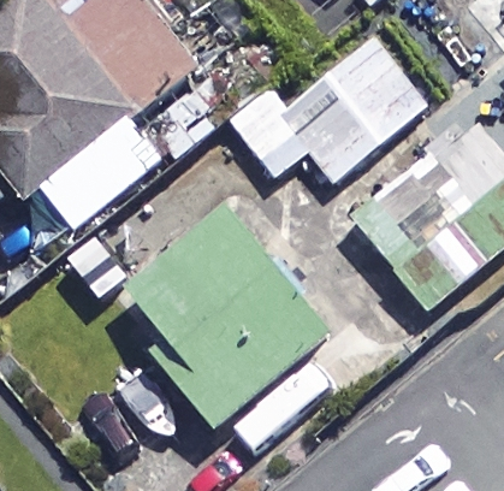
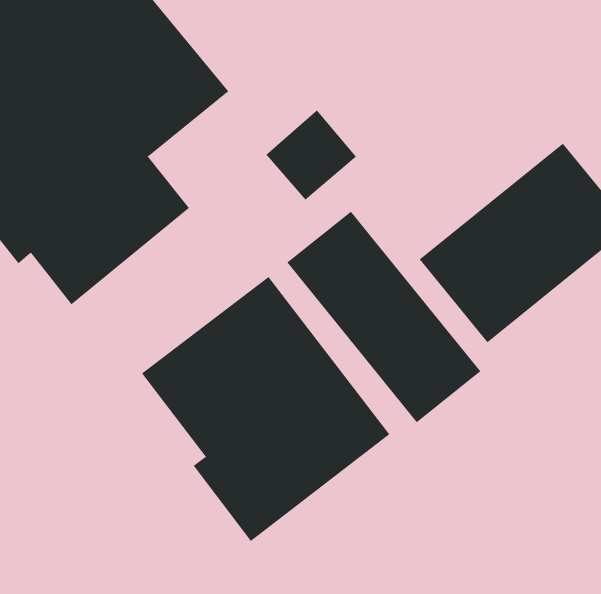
building: [296,34,434,188] -> none
building: none -> [286,211,481,423]

